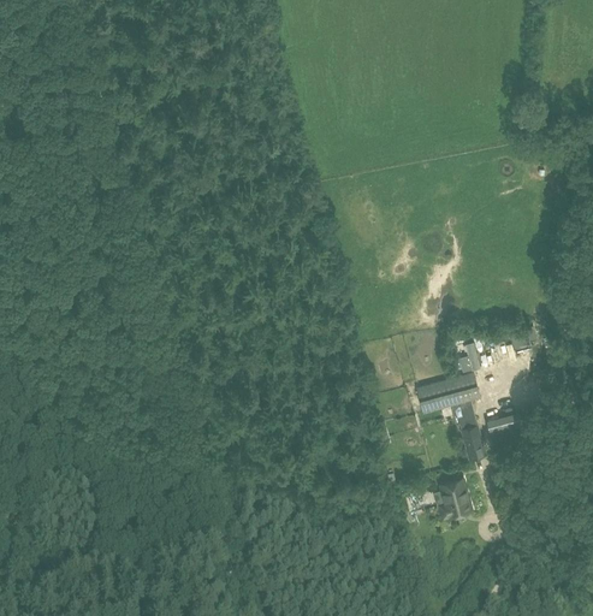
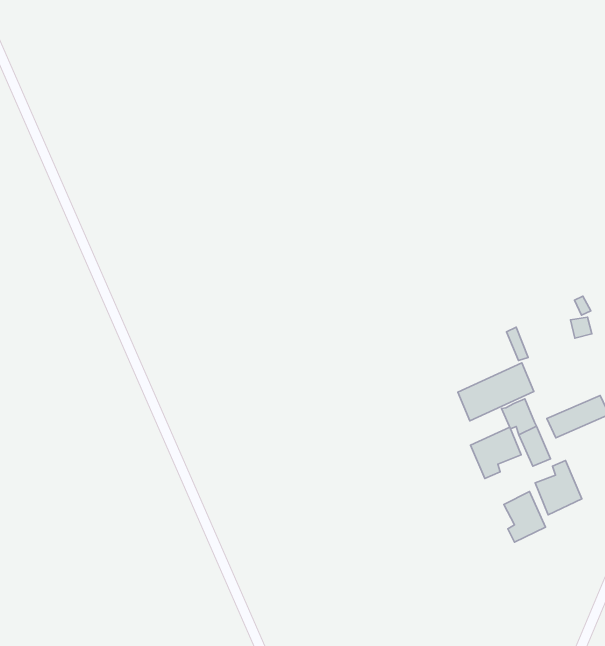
building: none -> [471,427,521,479]
building: none -> [535,461,582,515]

